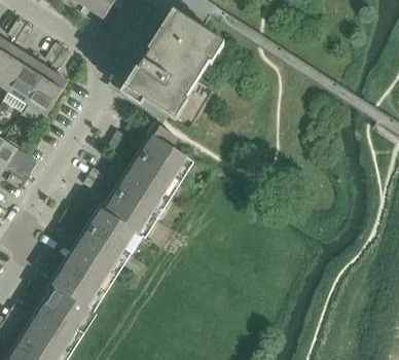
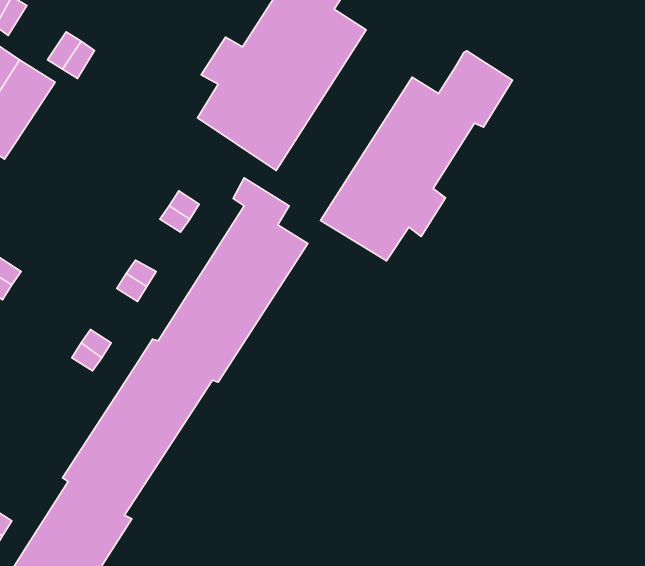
building: none -> [320,51,513,261]
building: [27,68,68,113] -> none

